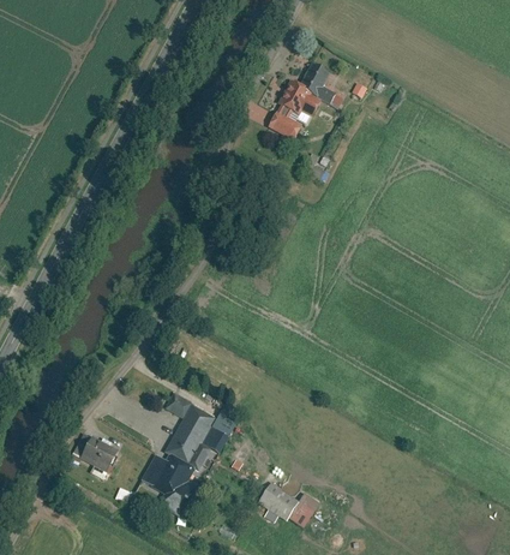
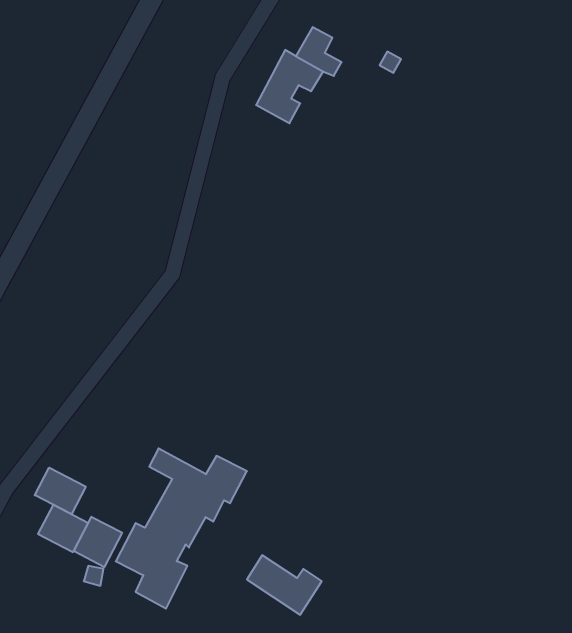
building: none -> [35,468,86,514]
building: none -> [74,517,122,567]

